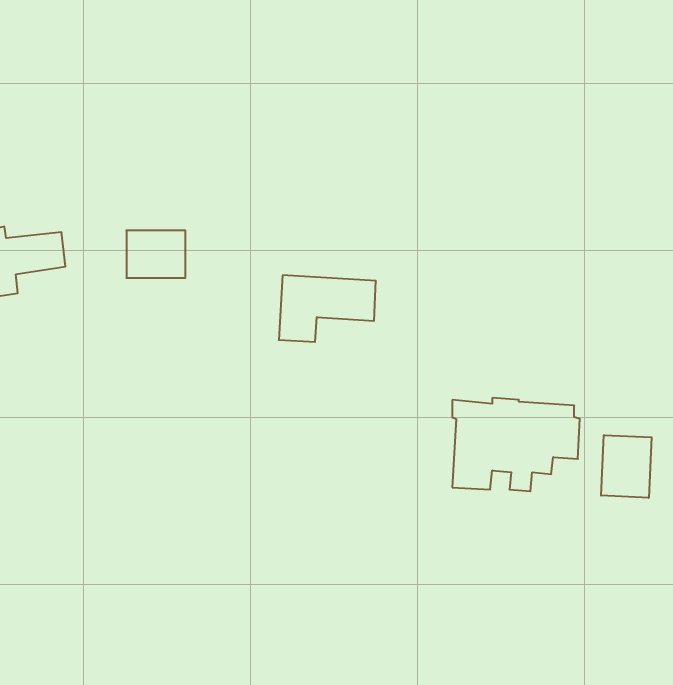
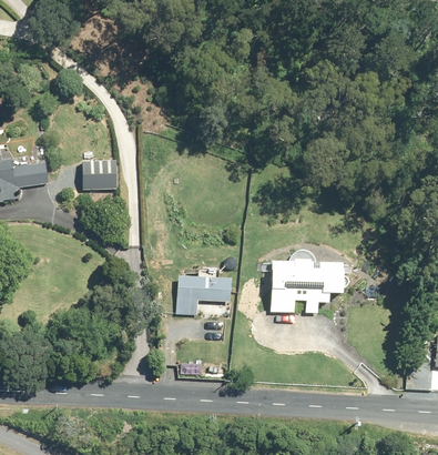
building: [279,275,376,342] -> [174,275,231,314]
building: [601,435,652,498] -> none

